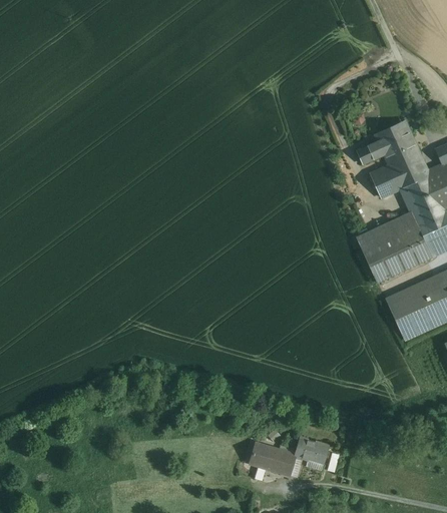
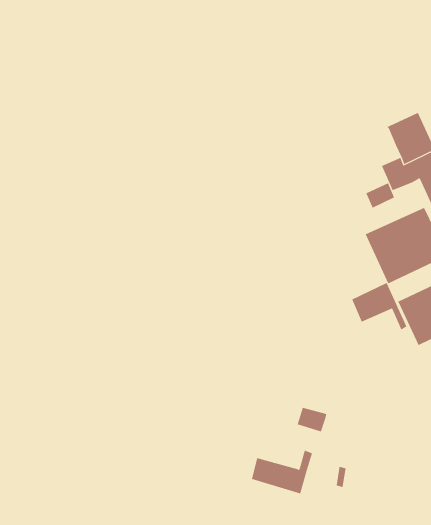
building: [357,140,384,164] -> [366,182,395,208]
building: none -> [352,282,407,330]
building: [303,439,331,462] -> [297,407,327,432]

